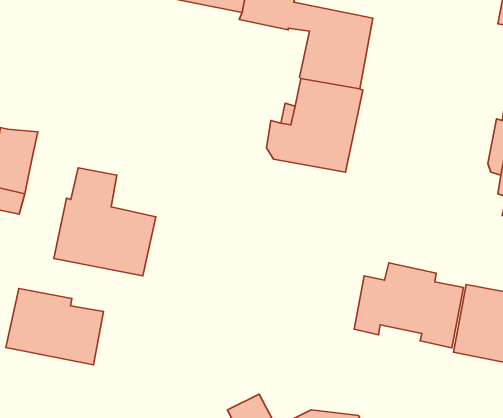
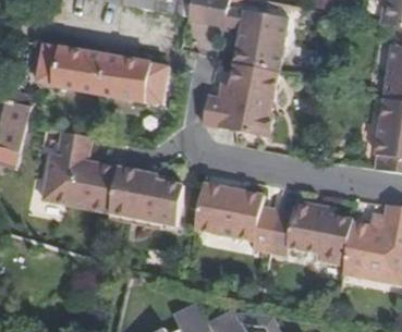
building: none -> [39,44,168,106]
building: none -> [197,179,279,254]
building: [6,288,104,365] -> [110,169,184,226]

